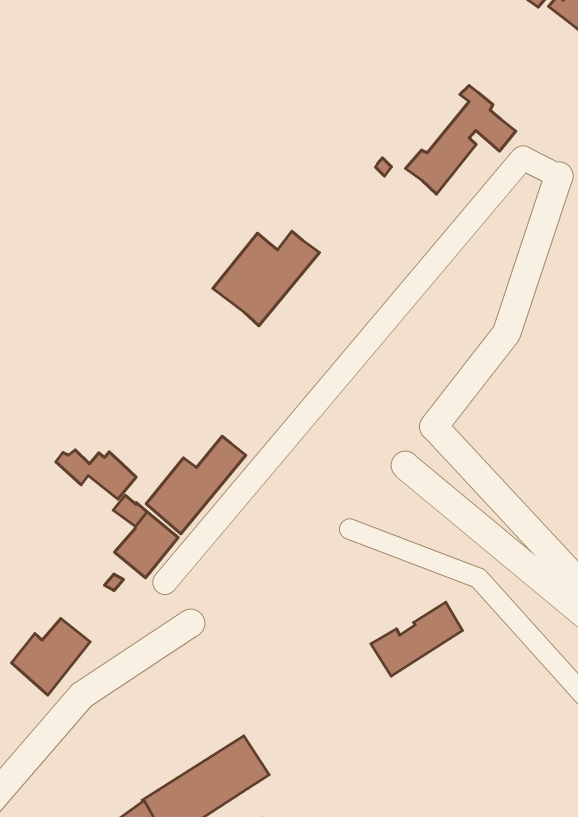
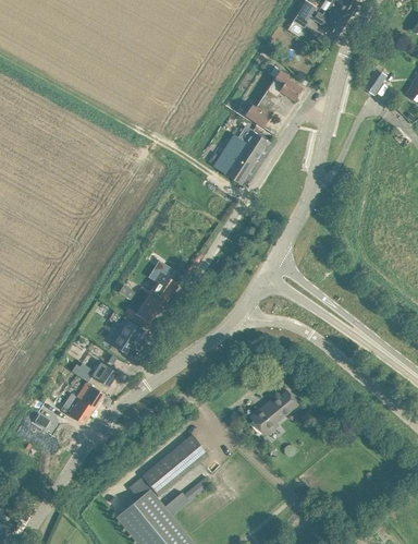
building: [213,231,319,326] -> [213,132,269,185]
building: [56,450,136,499] -> [73,362,118,387]
building: [371,602,463,676] -> [249,390,298,434]

